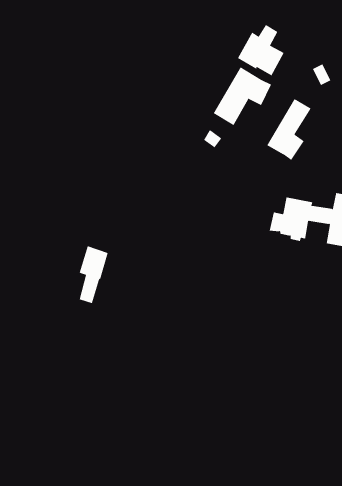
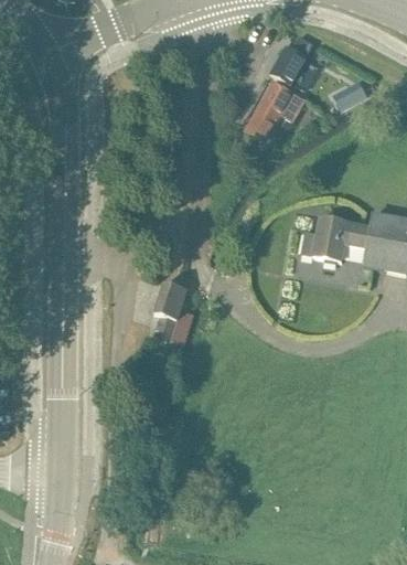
building: [266,98,311,161] -> none
building: [79,245,108,304] -> [154,281,185,342]

